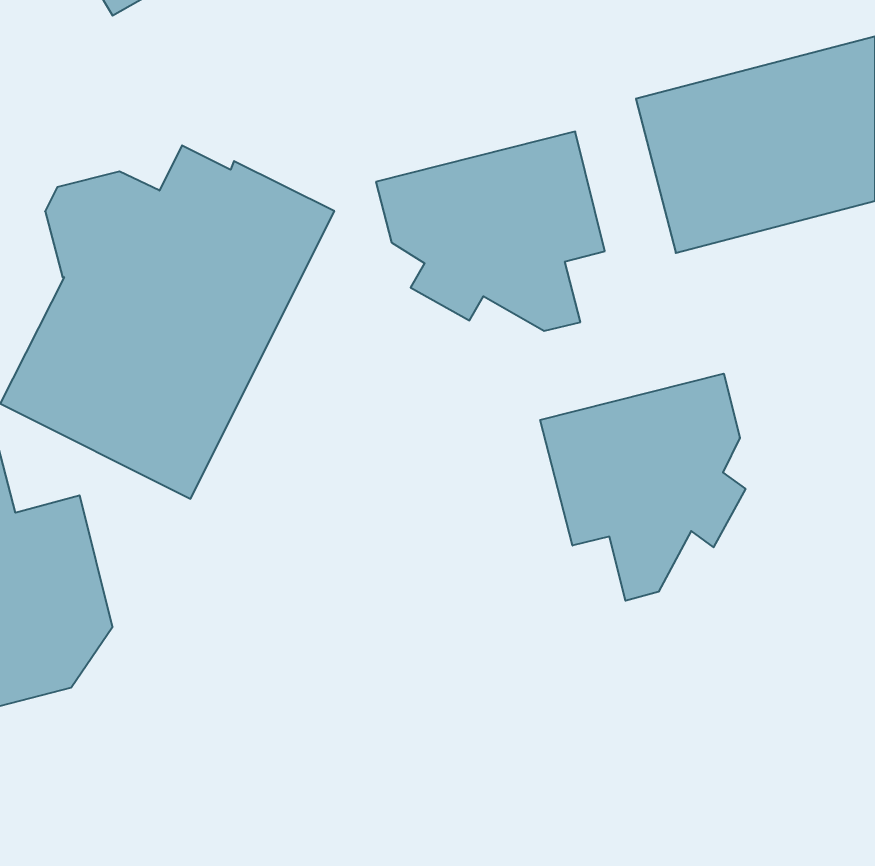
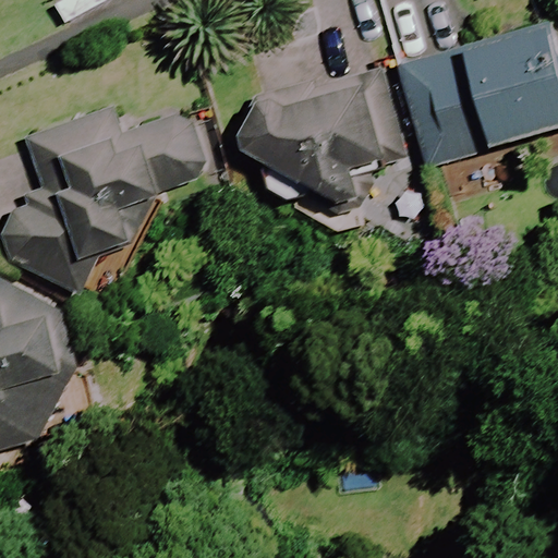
building: [540,374,745,601] -> none

